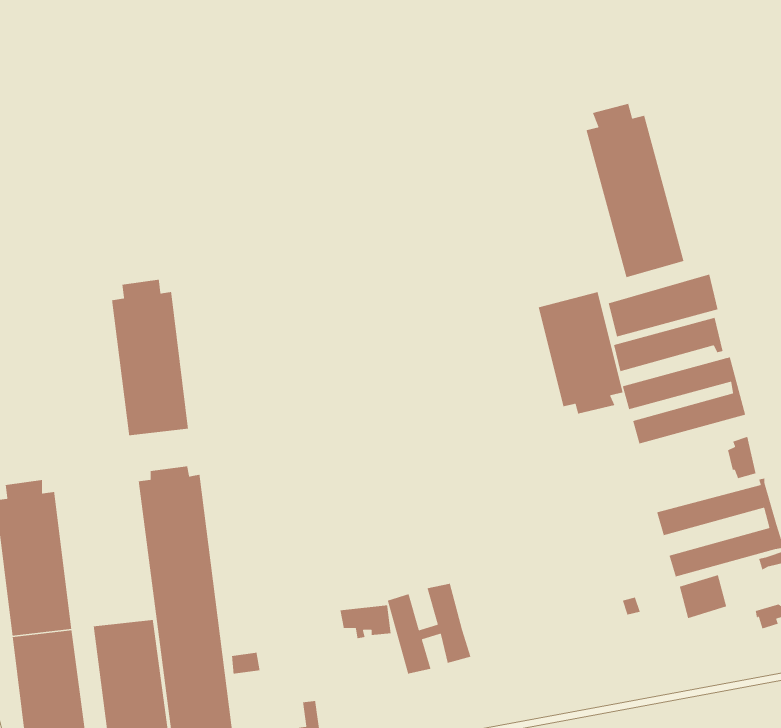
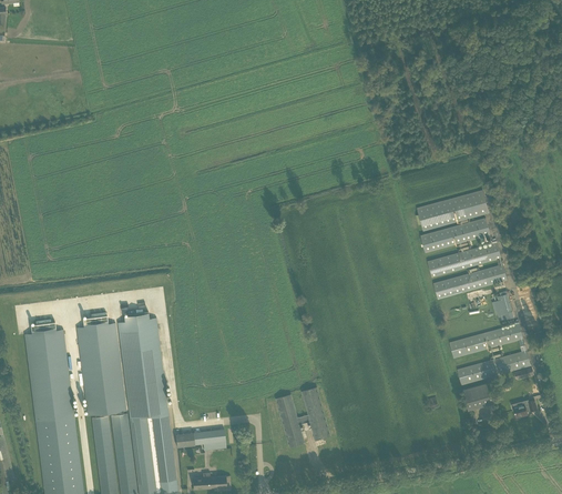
building: [586,103,684,278] -> none
building: [111,279,189,436] -> [75,314,125,415]
building: [538,291,623,415] -> none
building: [340,605,391,639] -> [192,429,225,451]

